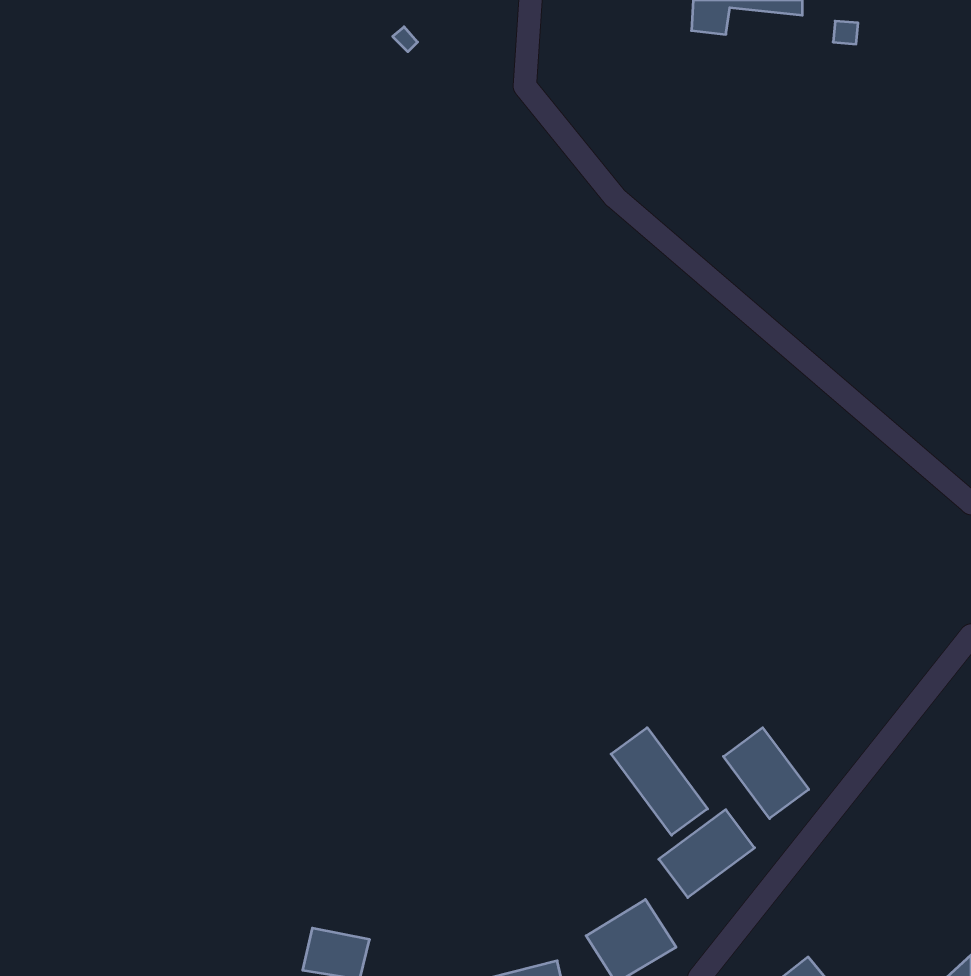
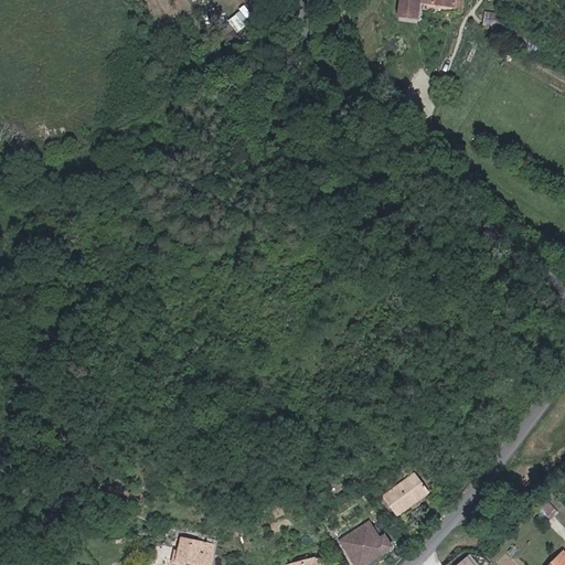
building: [611,728,708,835] -> none
building: [723,728,809,819] -> none

